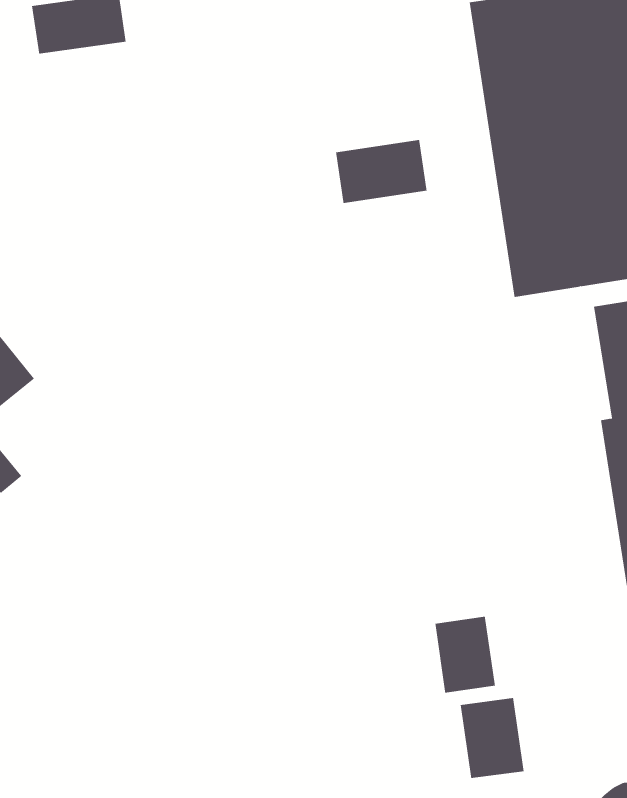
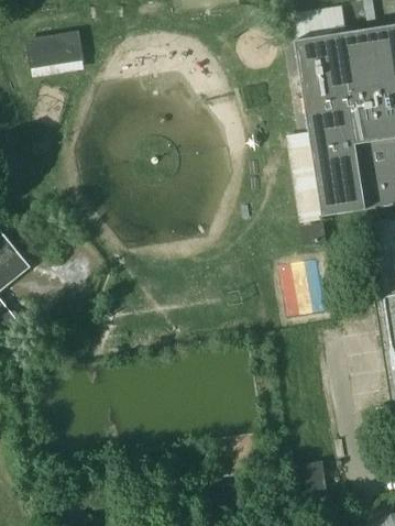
building: [335,139,427,204] -> none
building: [435,616,496,694] -> none

